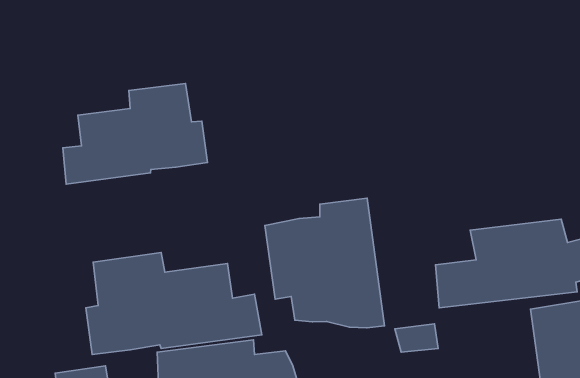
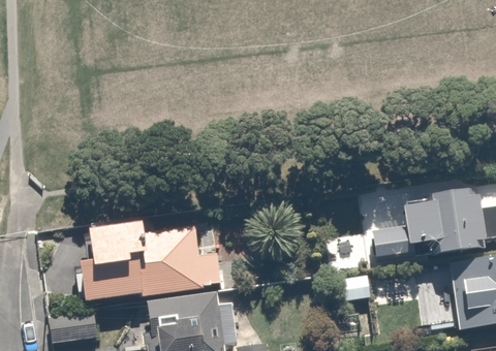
building: [63,84,208,184] -> none
building: [265,198,384,328] -> none

